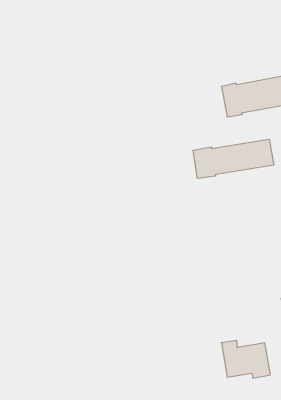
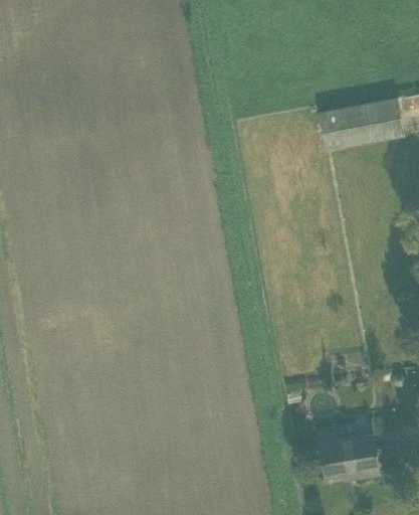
building: [193,139,274,178] -> none

